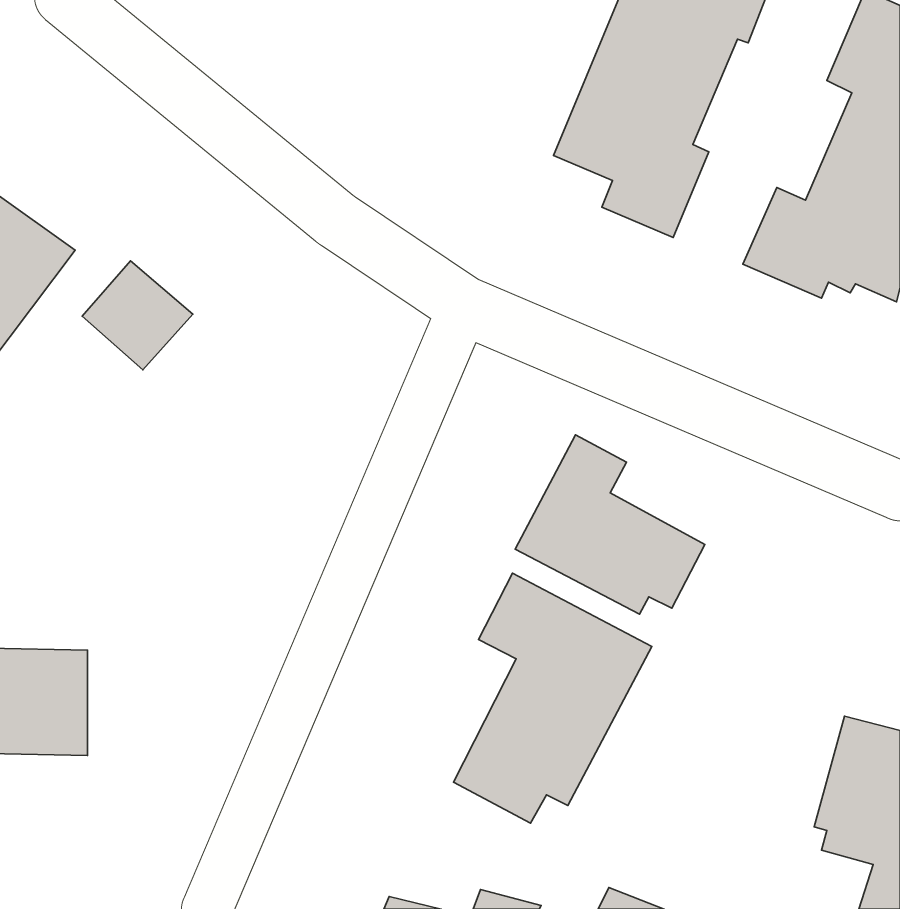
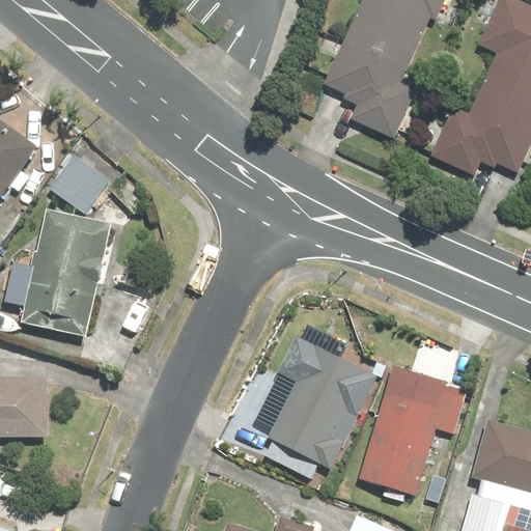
building: none -> [6,213,109,340]
building: [515,435,705,614] -> none
building: none -> [359,363,465,495]

